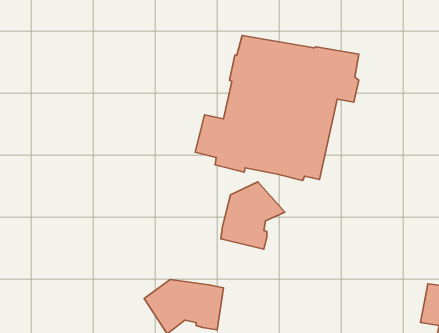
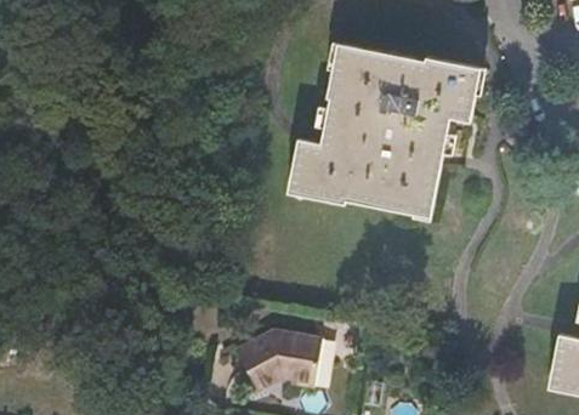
building: [221,182,285,249] -> none

